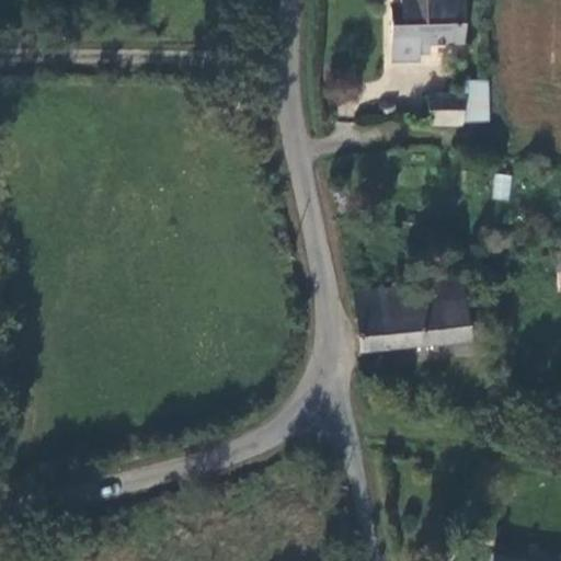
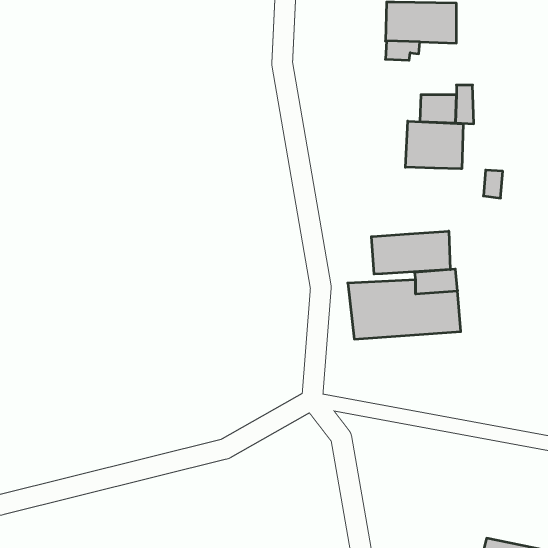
building: none -> [405,121,463,169]
building: none -> [371,231,450,274]

